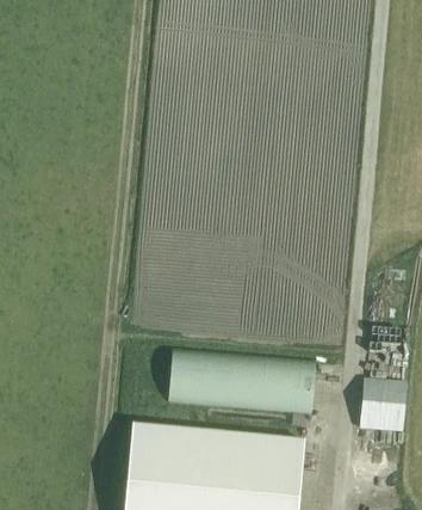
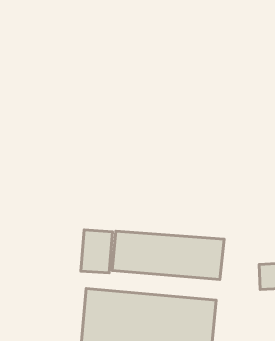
building: none -> [81,230,112,273]

